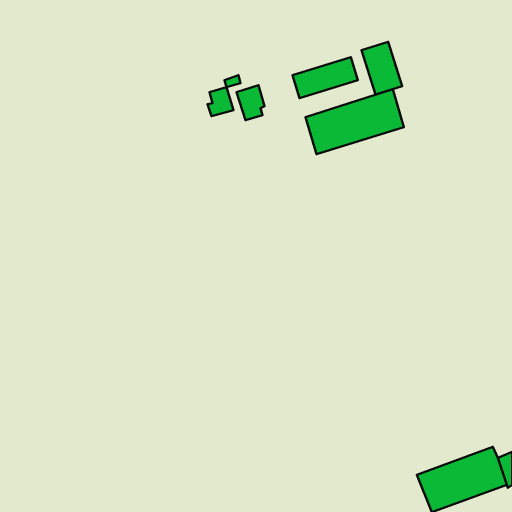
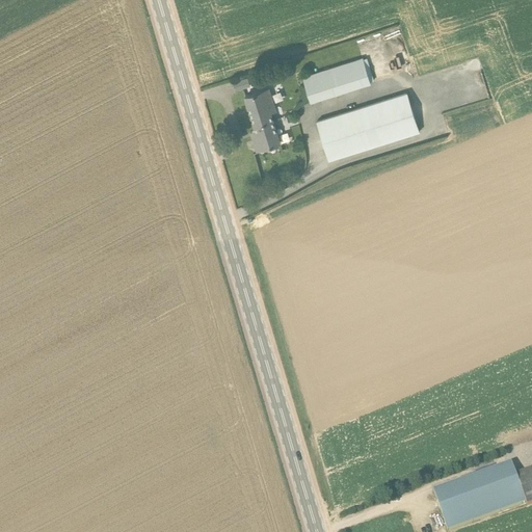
building: [362,42,402,95] -> none
building: [207,87,233,116] -> [252,119,280,150]

